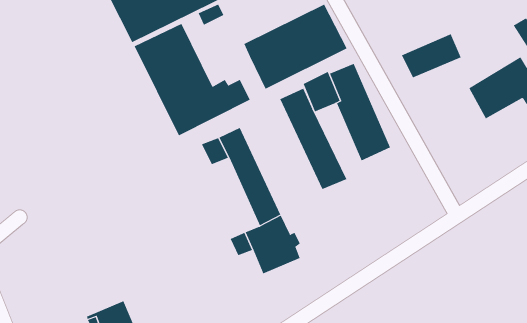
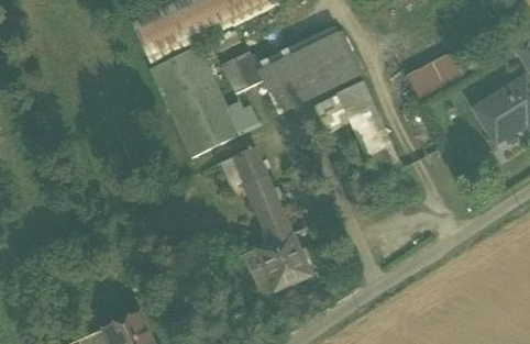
building: none -> [218,45,262,106]
building: [280,88,347,190] -> none

